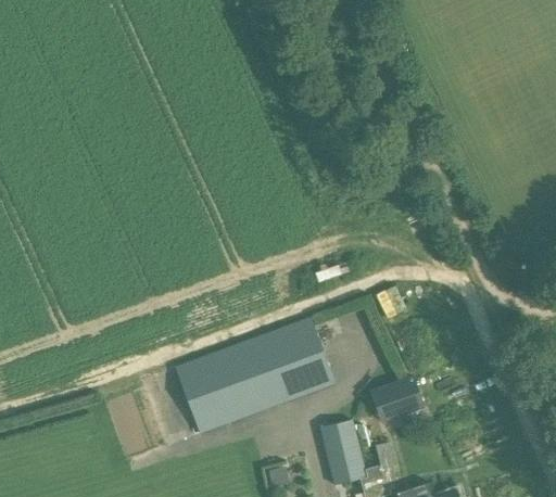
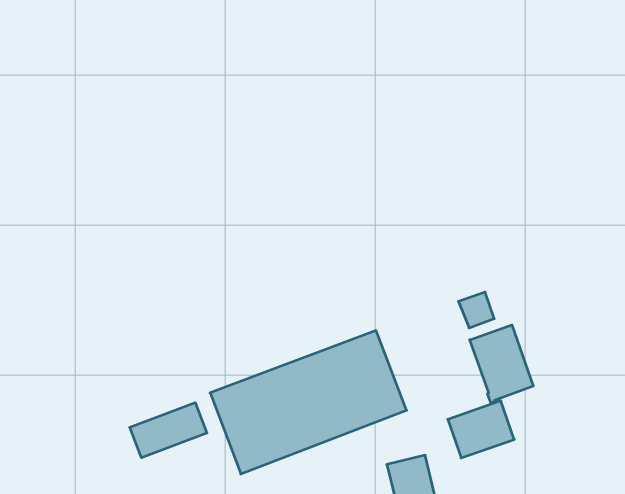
building: none -> [470,325,533,403]
building: none -> [130,403,207,458]

